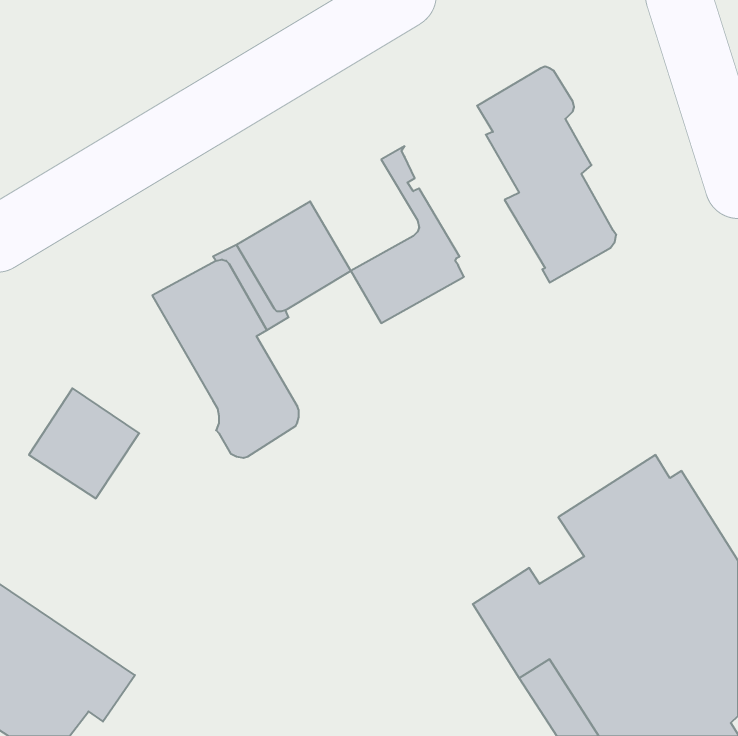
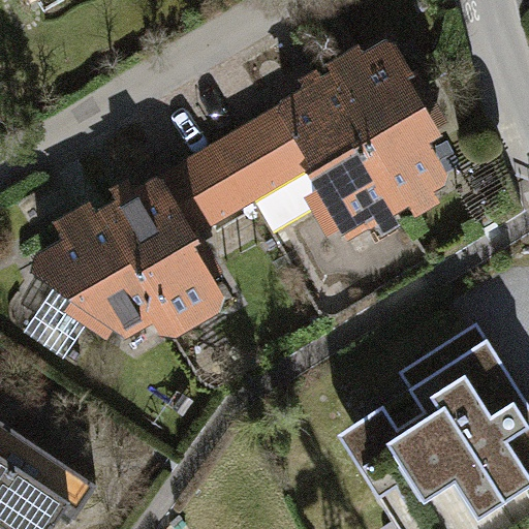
building: none -> [286,75,392,228]
building: none -> [221,114,299,193]
building: none -> [42,211,156,324]

